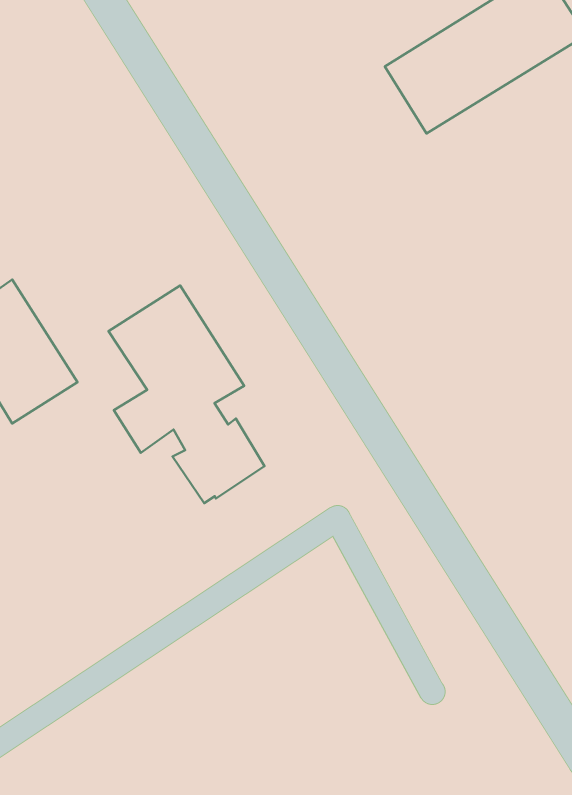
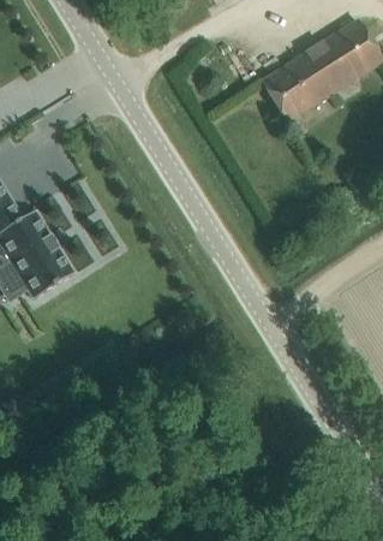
building: [108,286,264,503] -> none

